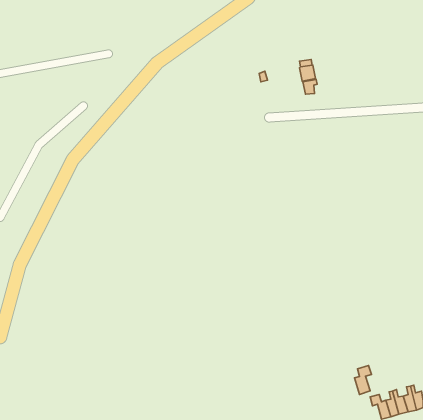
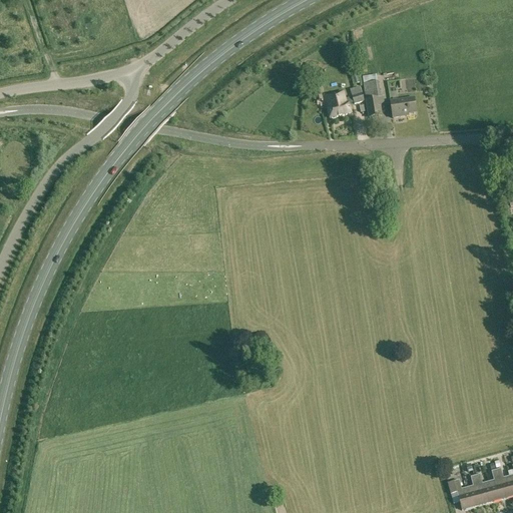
building: none -> [327,89,352,116]
building: none -> [391,95,417,116]
building: [354,365,372,394] -> none

